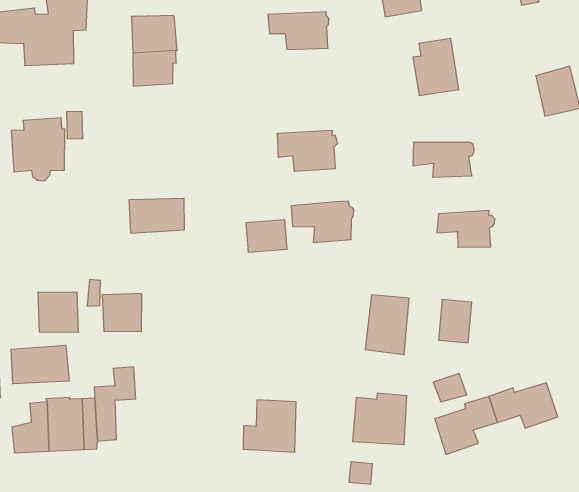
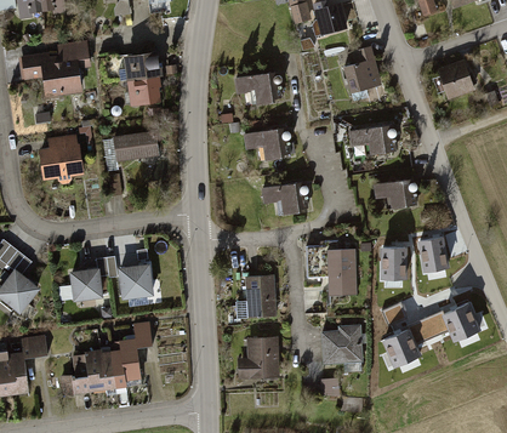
building: [268,12,329,49] -> [233,72,281,103]
building: [129,198,184,233] -> [112,130,156,160]
building: [246,220,287,252] -> none
building: none -> [418,239,446,273]
building: none -> [246,275,274,315]
building: [11,345,69,384] -> none

